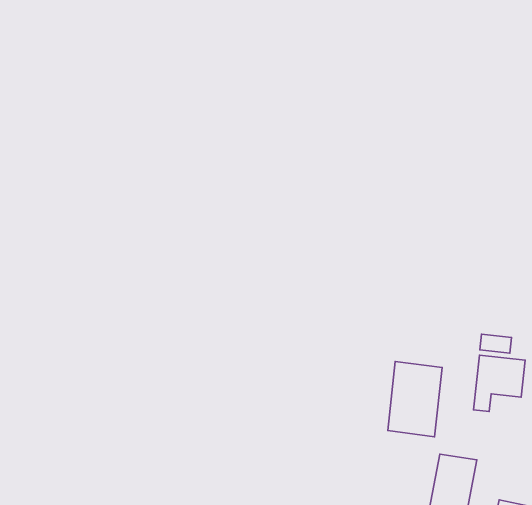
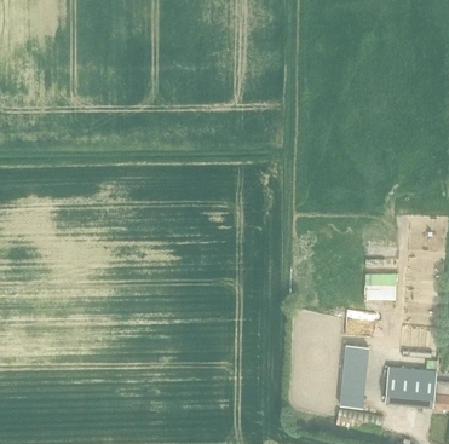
building: [388,362,442,437] -> none

